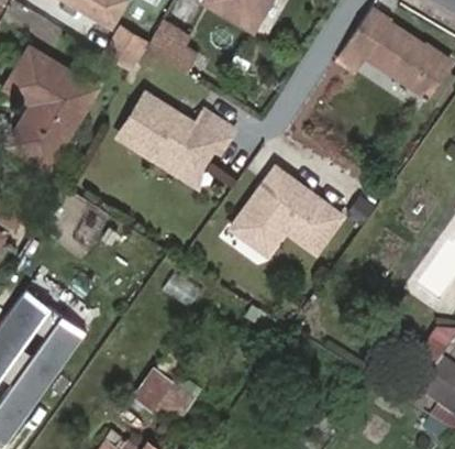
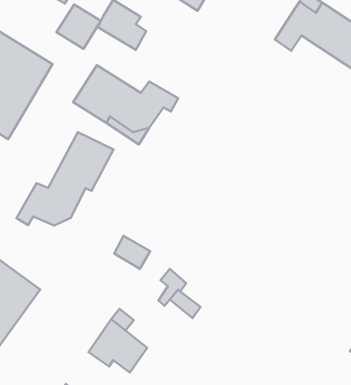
building: none -> [16,132,114,225]
building: [232,171,343,252] -> none

